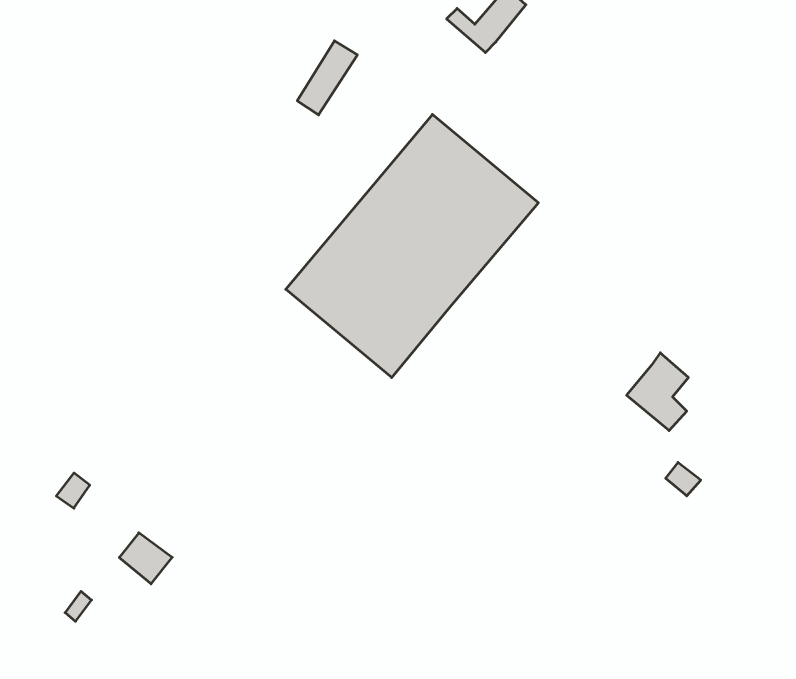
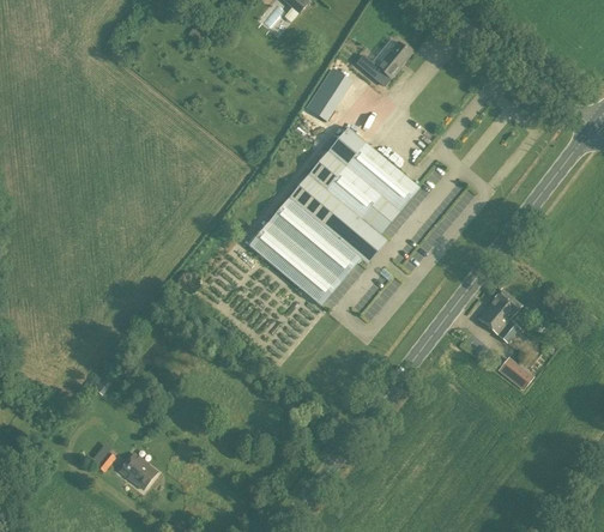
building: [297,41,357,115] -> [301,71,342,121]
building: [119,533,172,584] -> [122,453,158,488]

